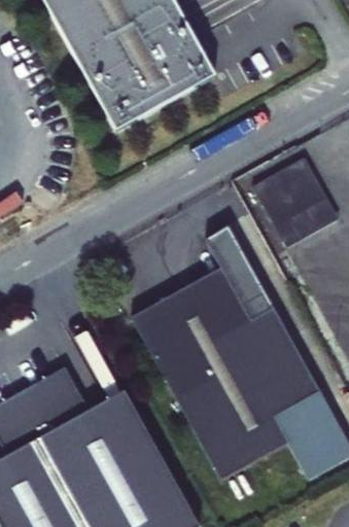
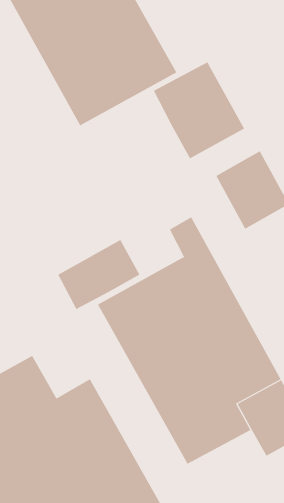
building: none -> [153,62,245,159]
building: none -> [57,239,140,310]

